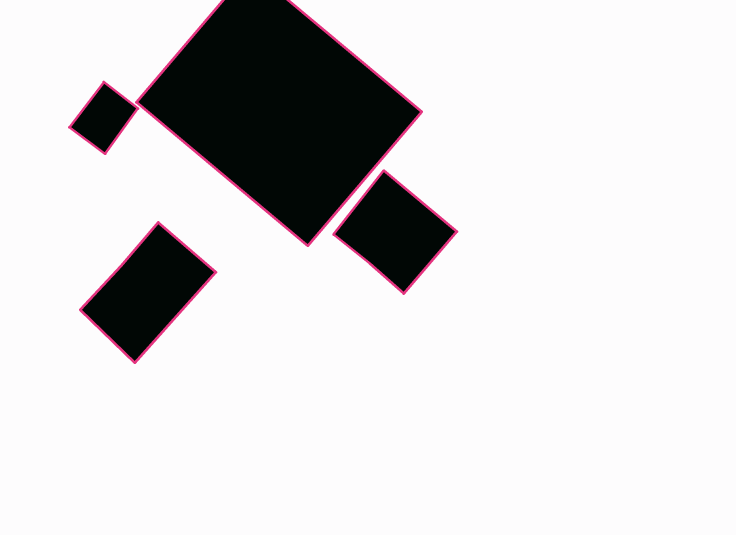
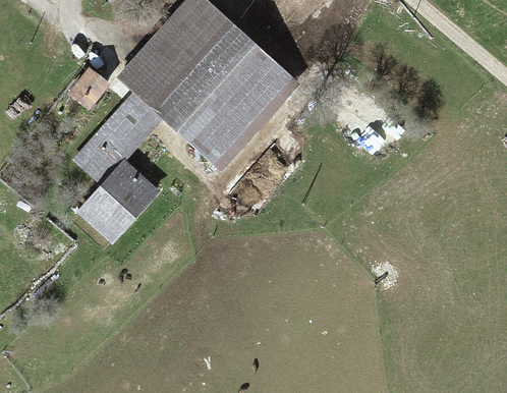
building: none -> [72,94,158,182]
building: [334,171,457,294] -> none

